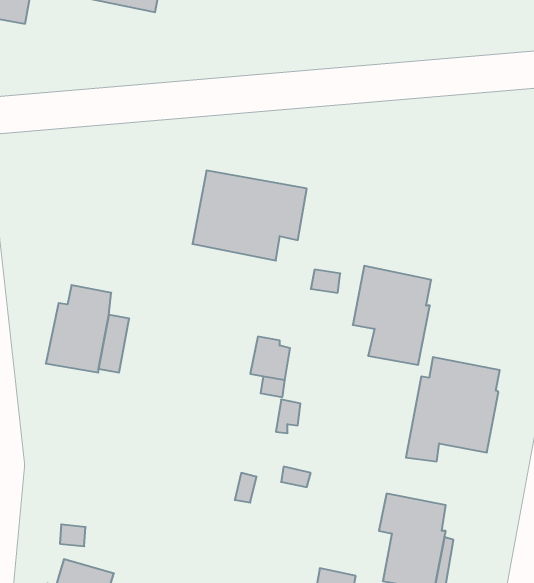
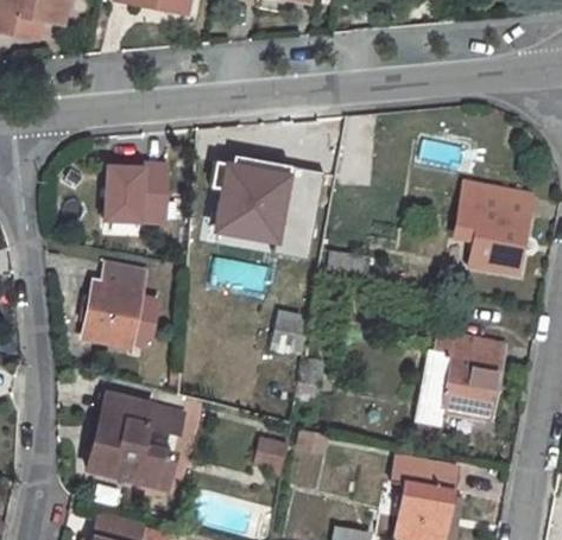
building: none -> [102,161,168,222]
building: [353,266,431,365] -> [456,182,529,273]
building: none -> [88,395,185,488]

